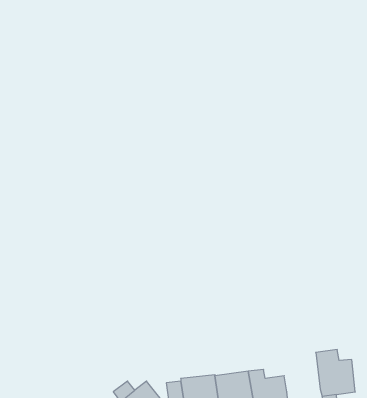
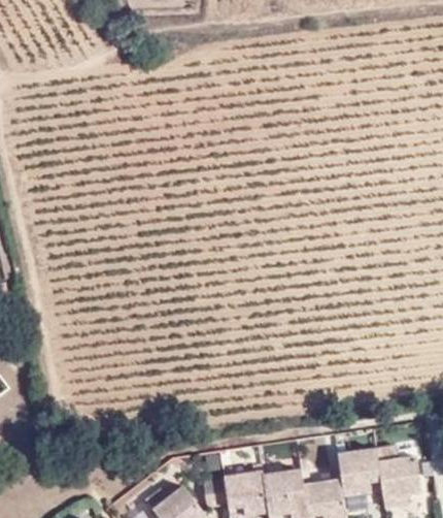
building: none -> [337,453,381,498]

